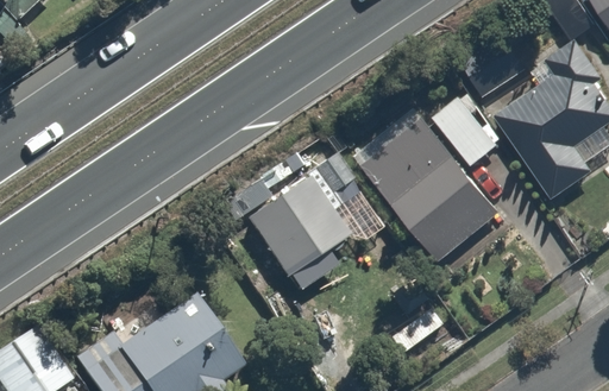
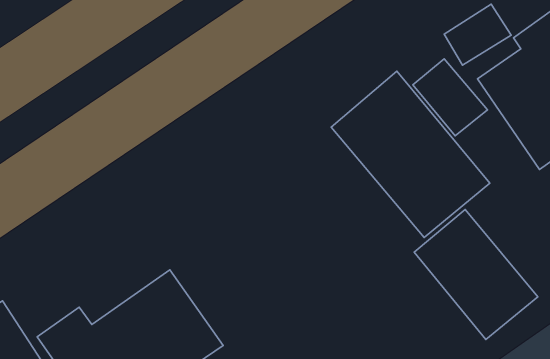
building: [252,157,356,279] -> none
building: none -> [414,210,538,339]

